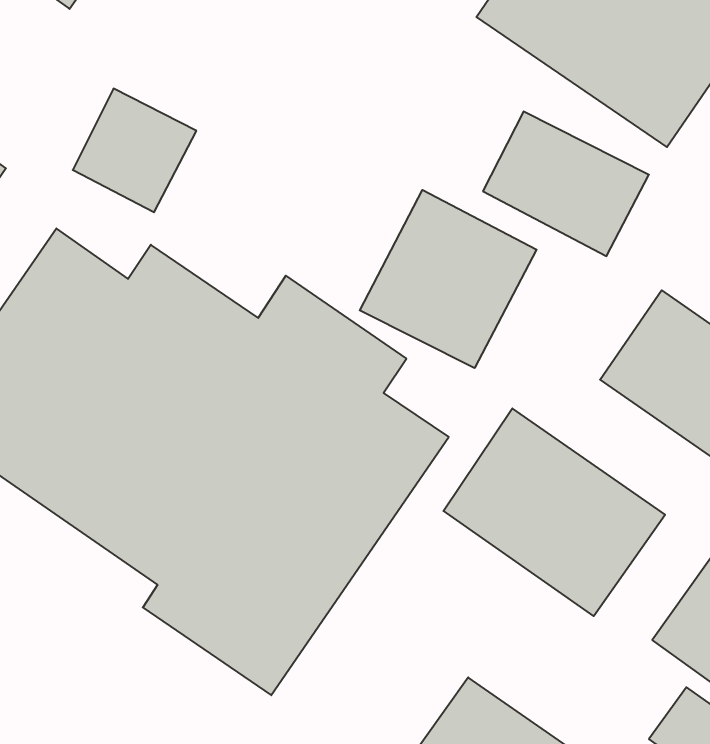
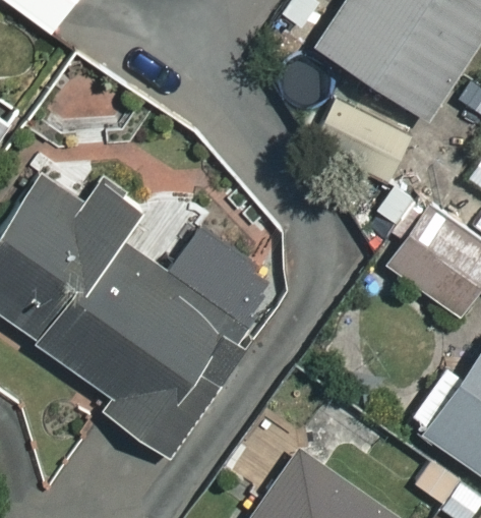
building: [360,190,537,368] -> none
building: [443,408,665,616] -> none

